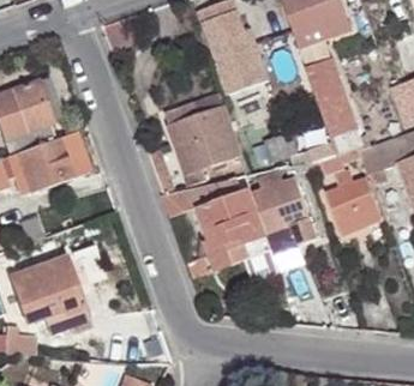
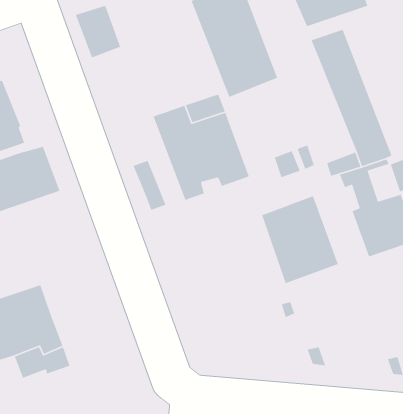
building: [164,176,277,275] -> none

